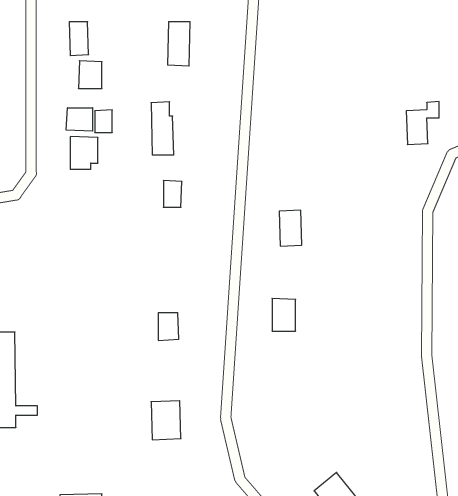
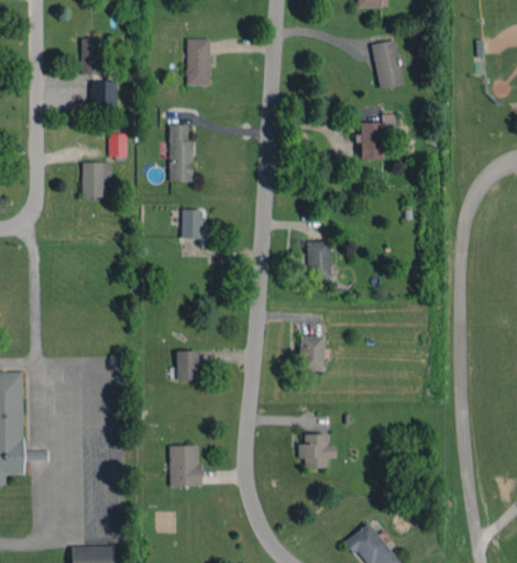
building: none -> [371,40,405,90]
building: [406,102,439,145] -> [361,113,396,159]
building: [66,108,93,131] -> none
building: none -> [298,433,336,467]

